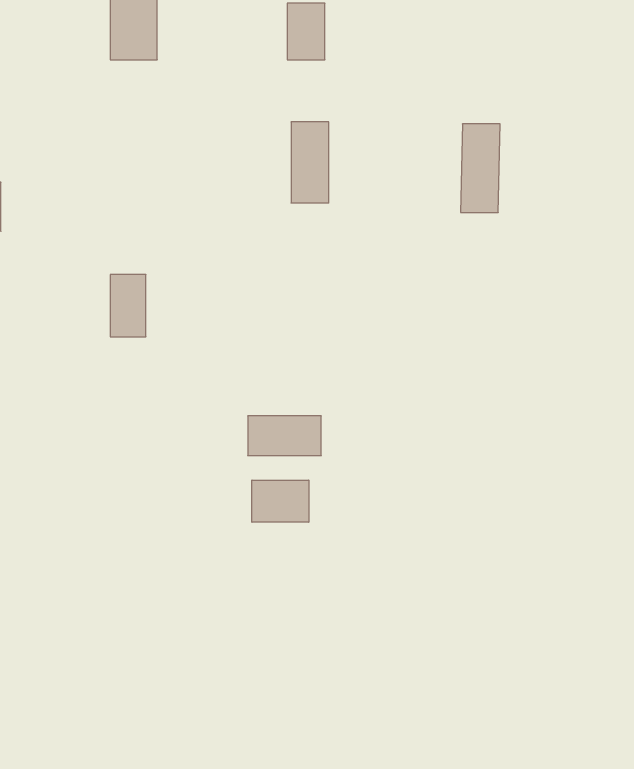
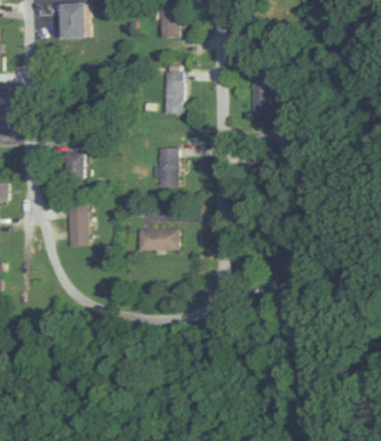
building: none -> [159,147,178,186]
building: none -> [66,200,85,245]
building: [252,480,309,522] -> none

